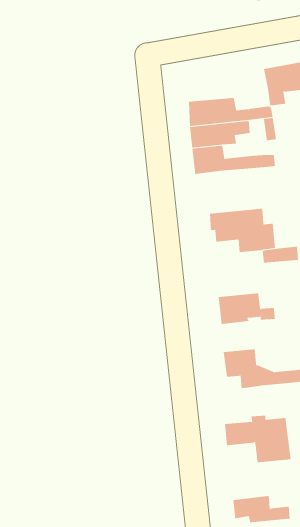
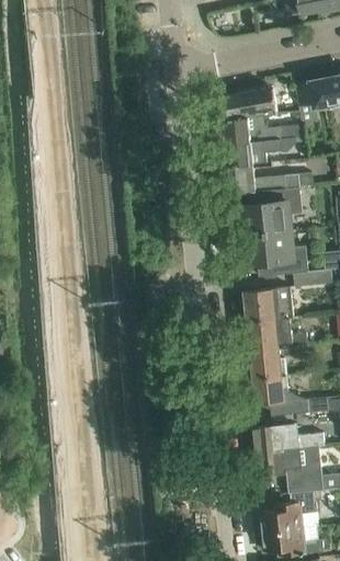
building: none -> [215,84,279,118]
building: none -> [237,186,303,234]
building: none -> [245,286,294,321]
building: none -> [251,346,287,378]
building: none -> [252,425,325,453]
building: none -> [261,500,319,531]

